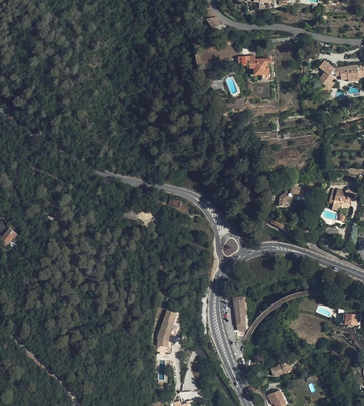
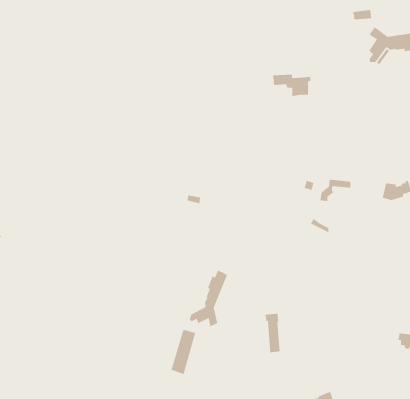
building: [238,56,270,75] -> [272,74,311,97]
building: none -> [189,270,228,328]

